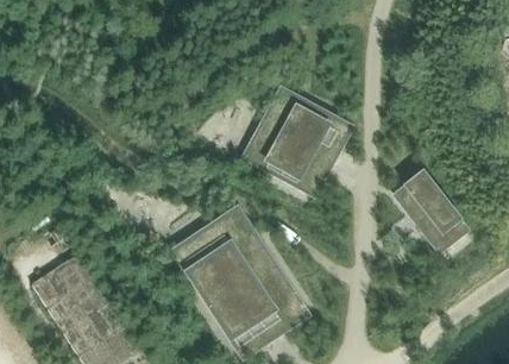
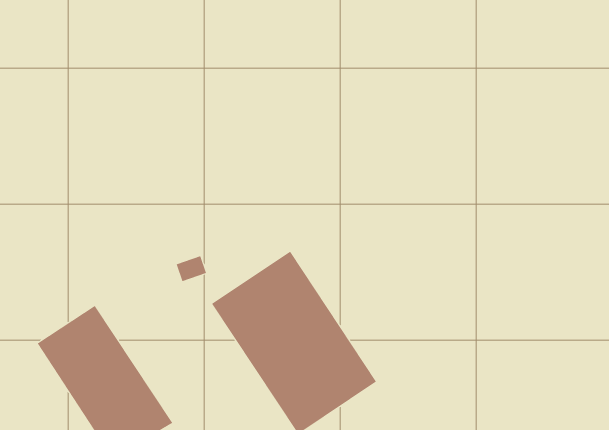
building: [246,88,352,195] -> none
building: [395,175,466,251] -> none

